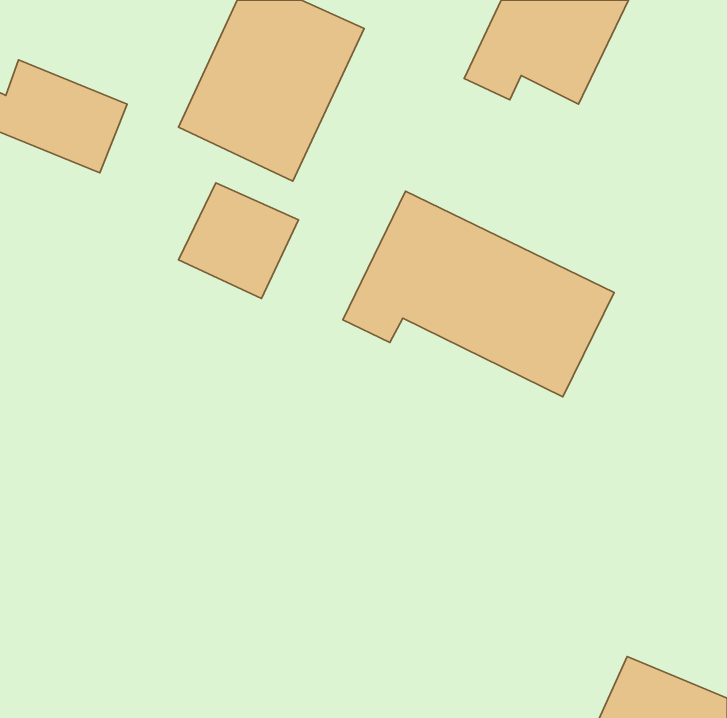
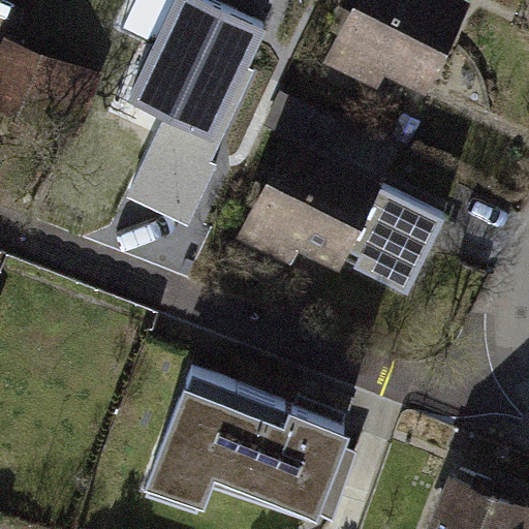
building: none -> [146,371,344,519]

